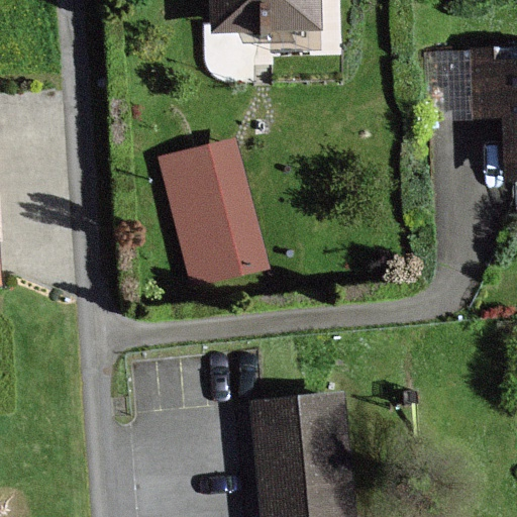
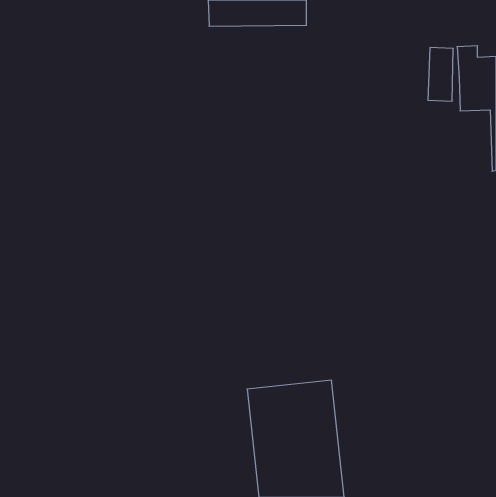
building: [163,141,263,280] -> none

